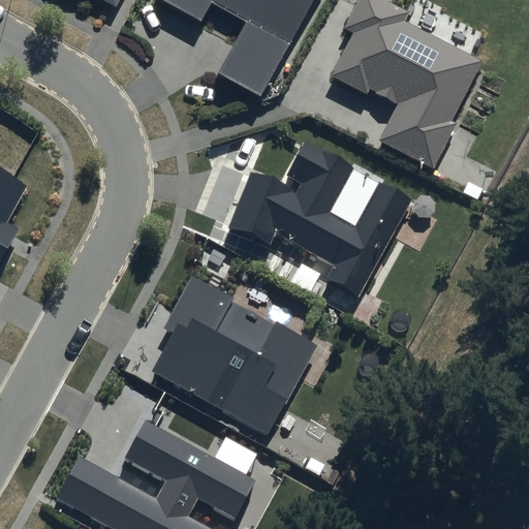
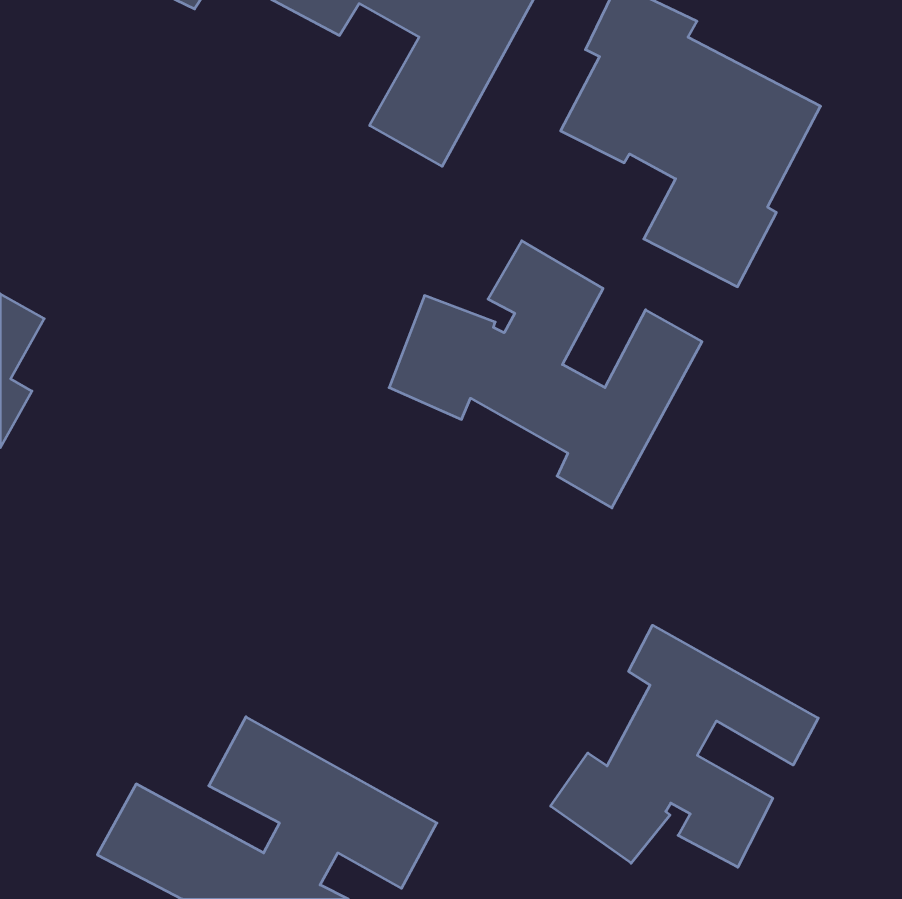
building: [153,275,313,433] -> none
building: none -> [551,625,818,867]

